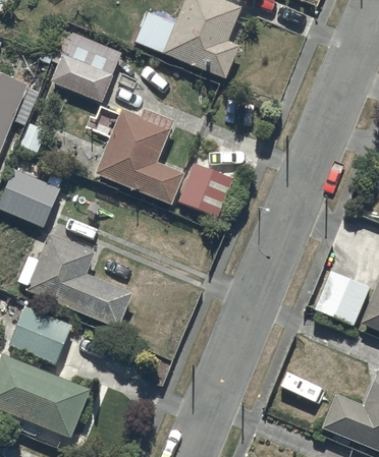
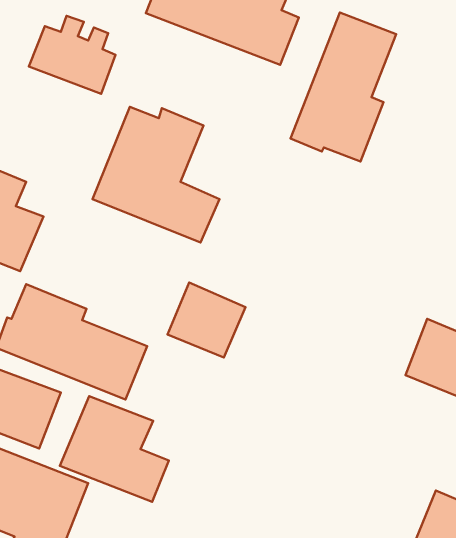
building: none -> [290,12,396,161]
building: [176,171,231,224] -> [167,283,245,358]
building: none -> [60,396,169,502]

